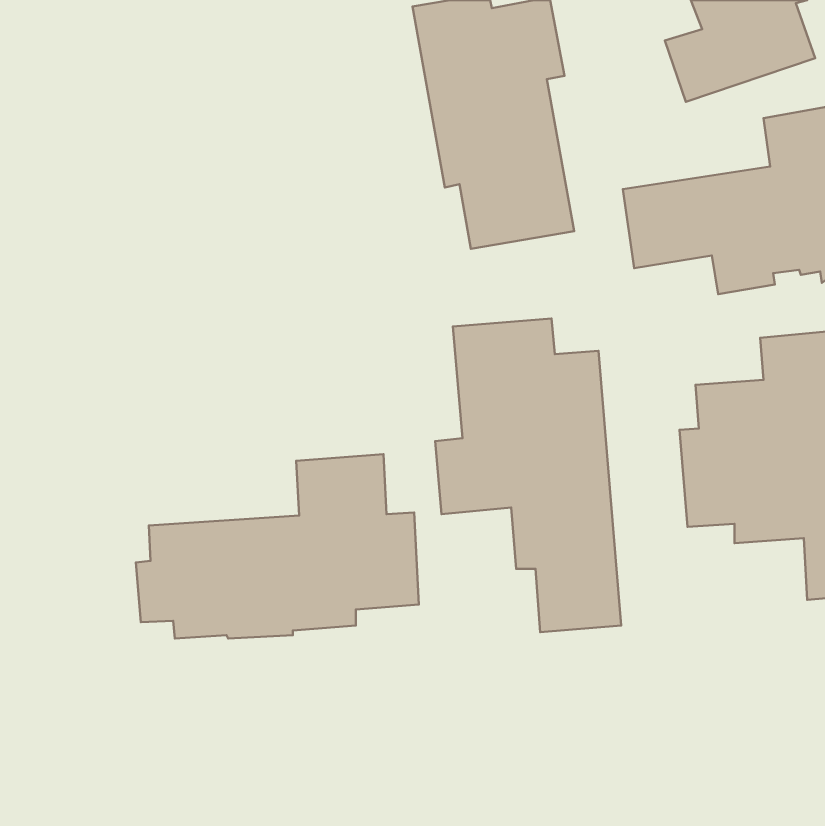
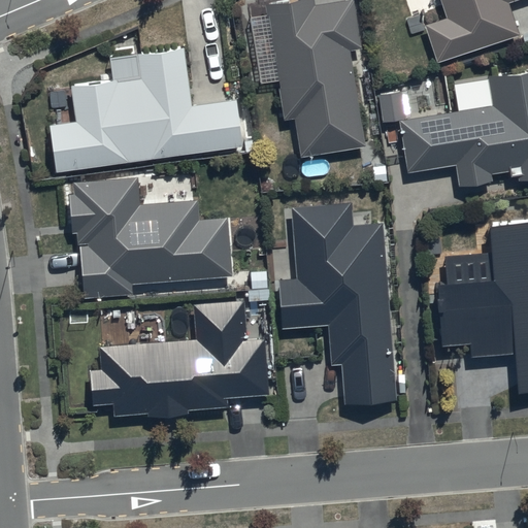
building: none -> [50,47,244,172]
building: none -> [69,178,234,300]

